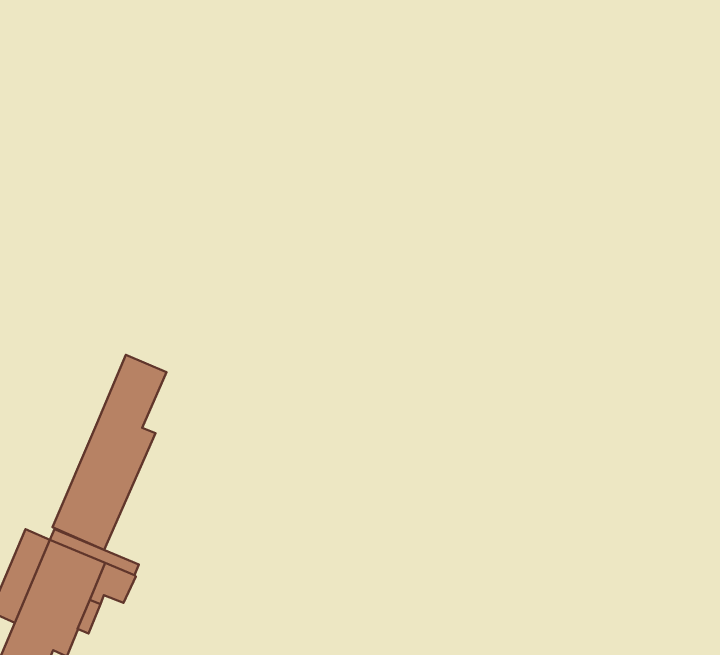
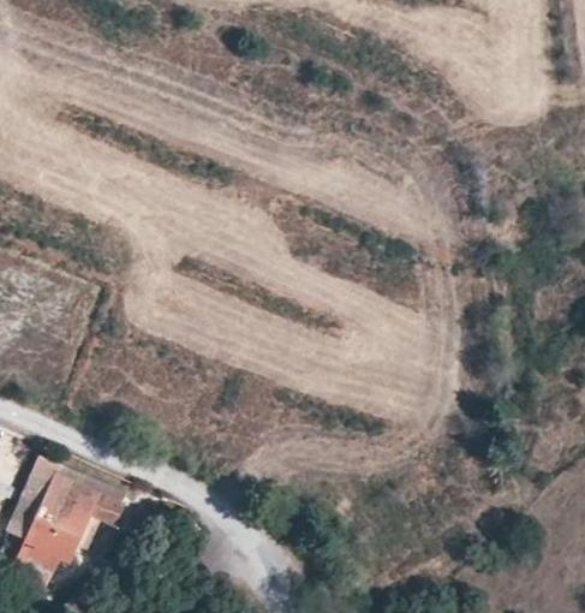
building: [52,355,167,550] -> none

